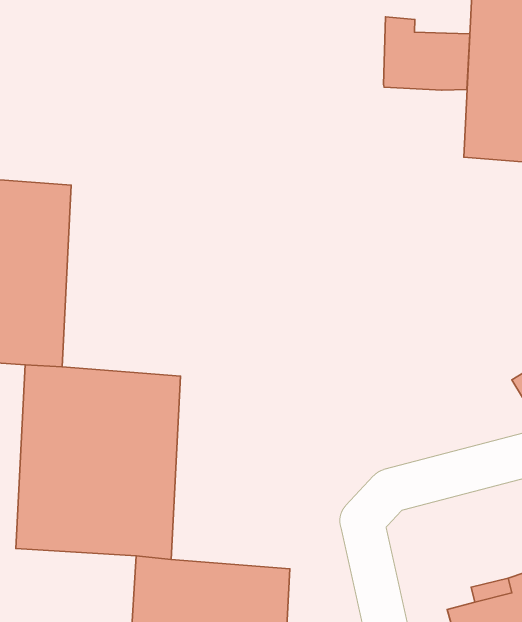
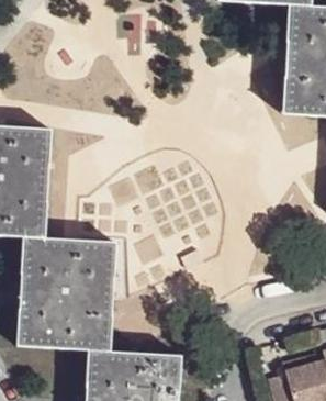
building: [384,17,470,90] -> none

